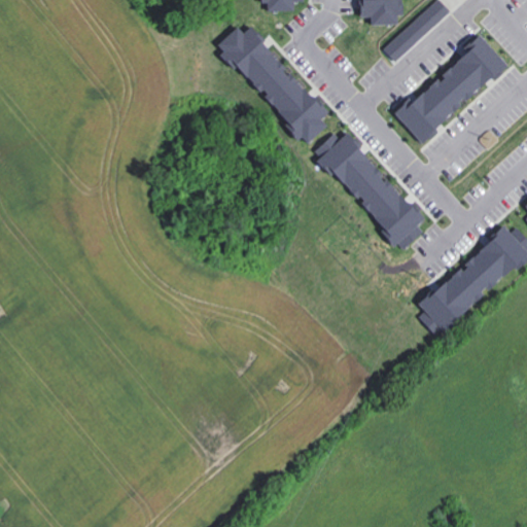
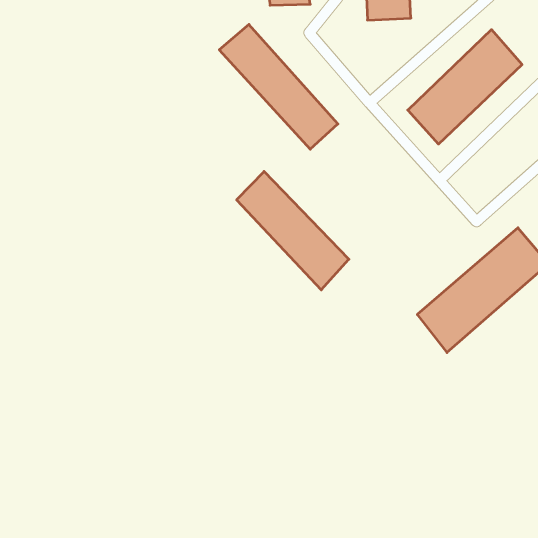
building: [392,7,440,58] -> none
building: [320,133,429,248] -> [237,171,349,290]

